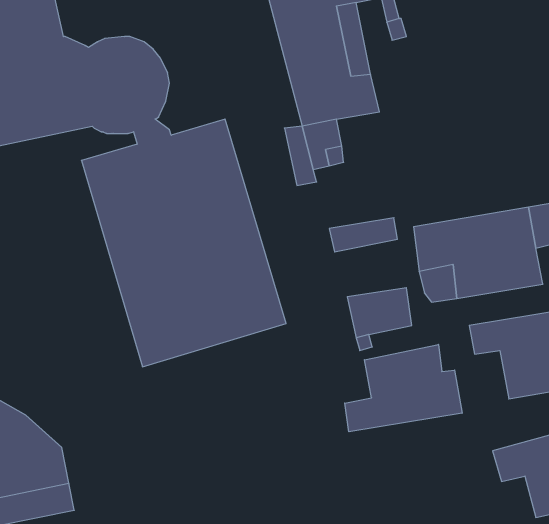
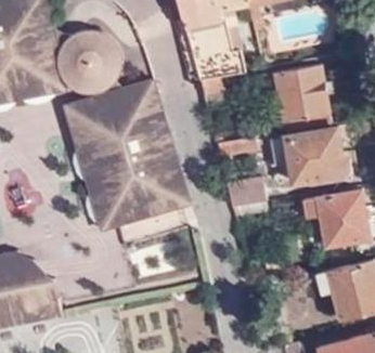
building: none -> [274,68,331,133]
building: [345,344,462,432] -> none

